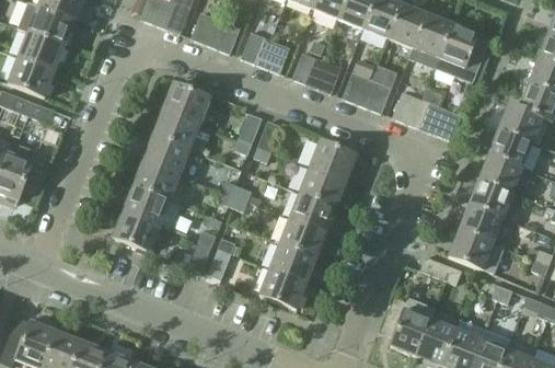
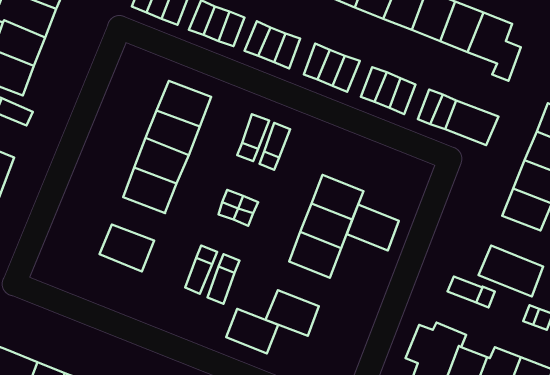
building: [309,140,355,181] -> [347,205,399,250]
building: [123,186,180,229] -> none
building: [458,203,501,242] -> none
building: [269,243,315,283] -> [226,309,278,353]

